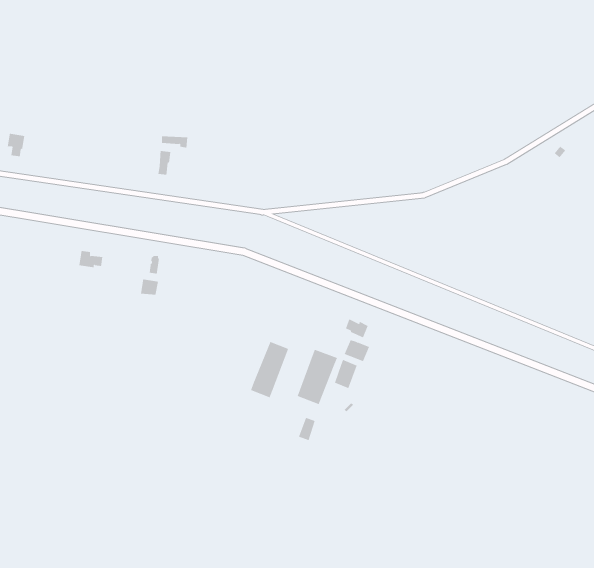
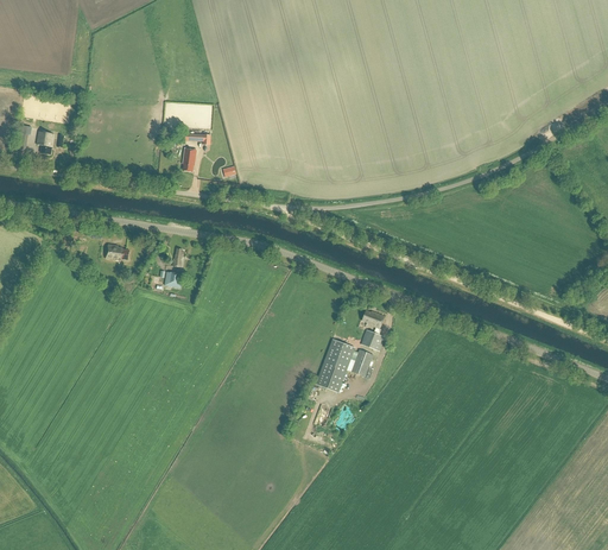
building: [250,341,289,398] -> none

